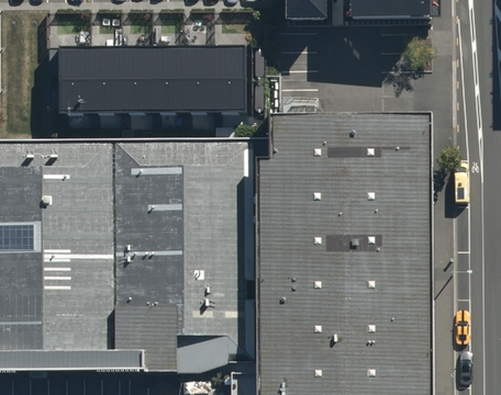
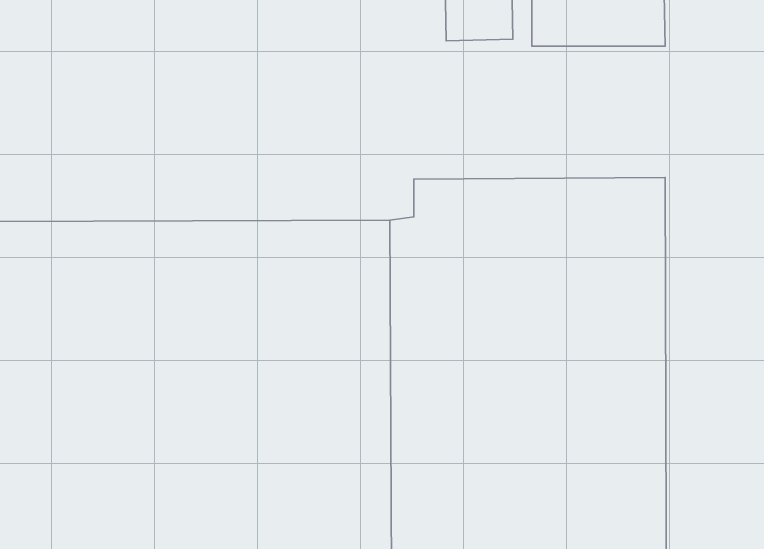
building: [57,41,246,111] -> none

